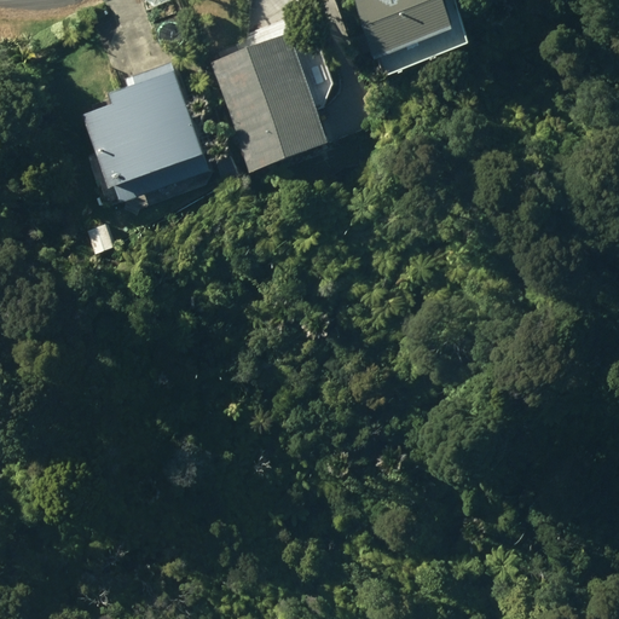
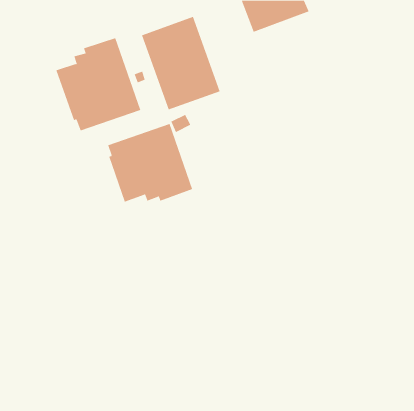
building: none -> [108,123,193,203]

